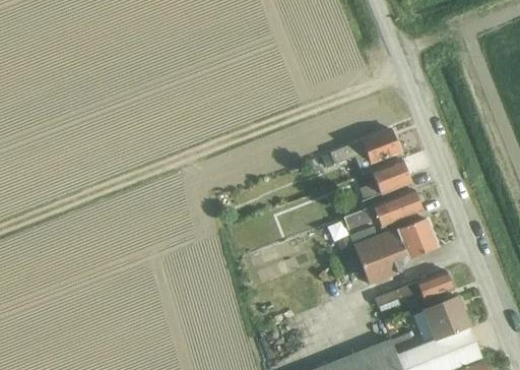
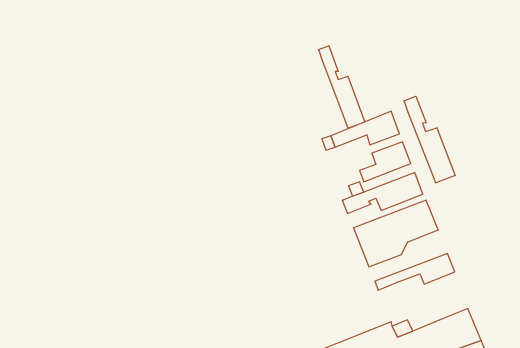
building: none -> [318,46,365,128]
building: none -> [404,96,455,183]
building: [424,297,467,338] -> none

